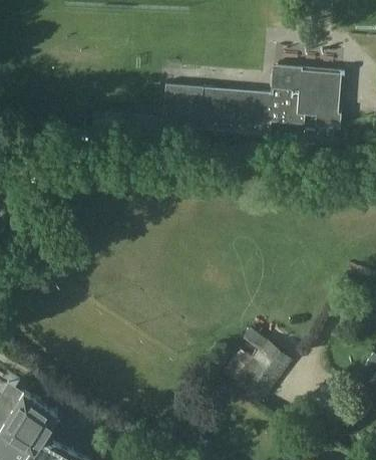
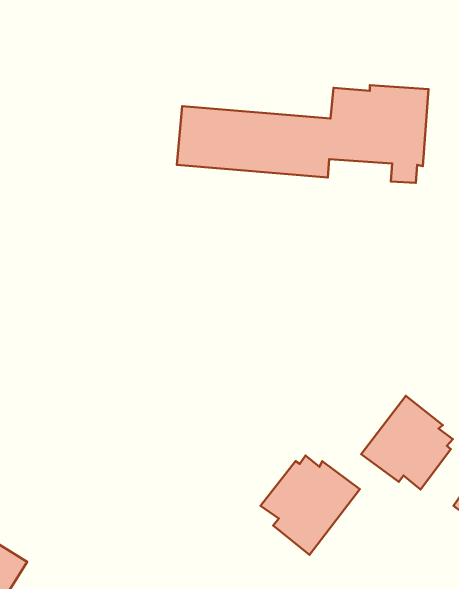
building: none -> [361,396,453,490]

